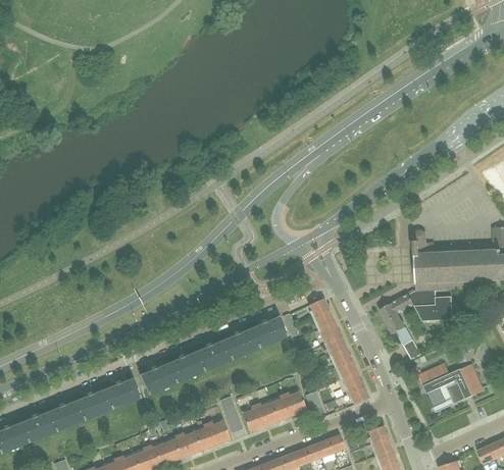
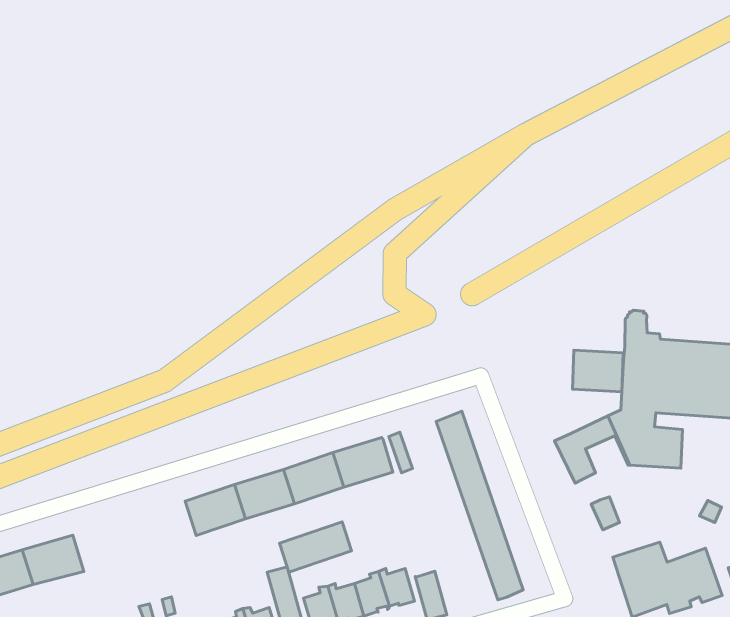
building: none -> [572,350,623,392]
building: [141,364,177,395] -> none
building: none -> [280,522,351,572]
building: [105,378,141,410] -> none

